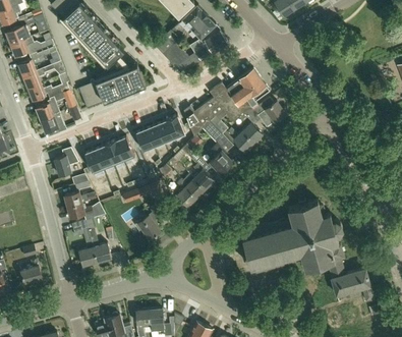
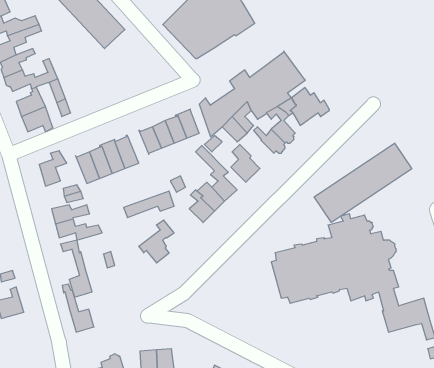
building: [78,65,146,109] -> none
building: none -> [314,143,412,222]
building: [87,224,112,263] -> [62,284,94,332]

